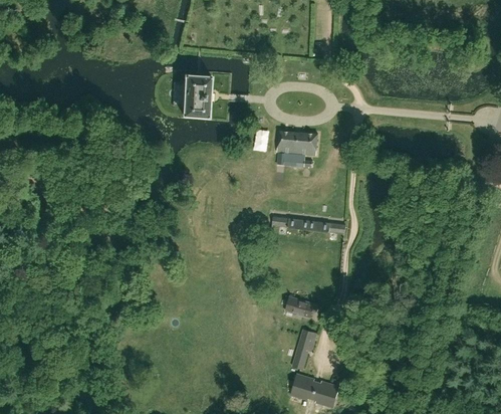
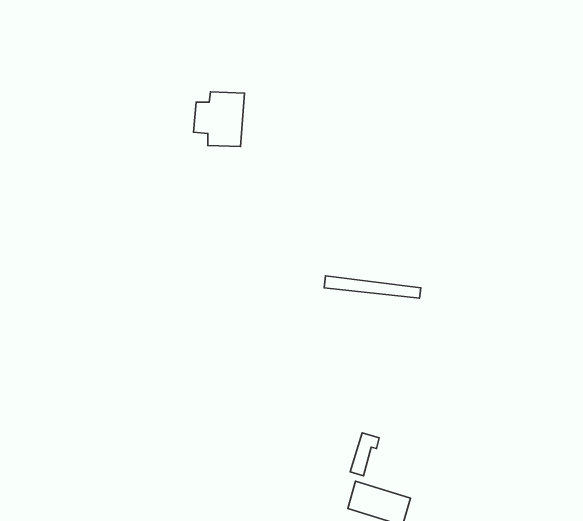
building: [278,131,319,155] -> none
building: [286,296,319,318] -> none

